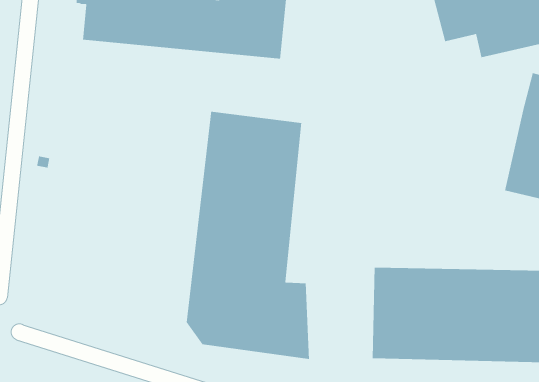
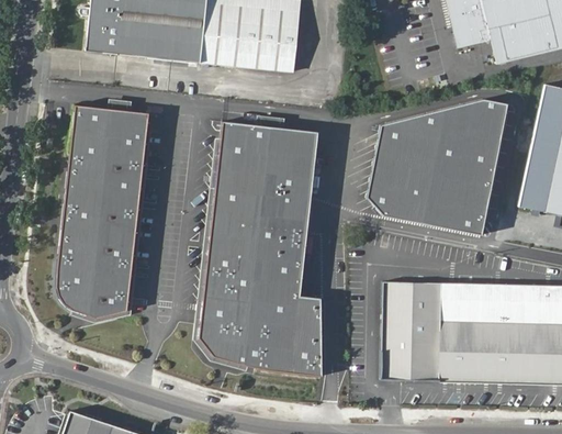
building: none -> [374,100,514,235]
building: none -> [54,105,147,321]

